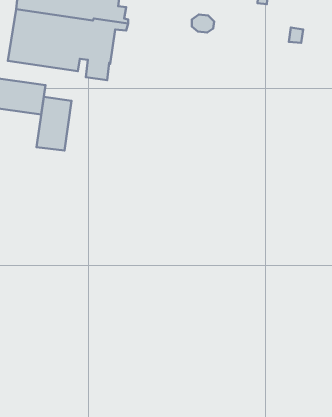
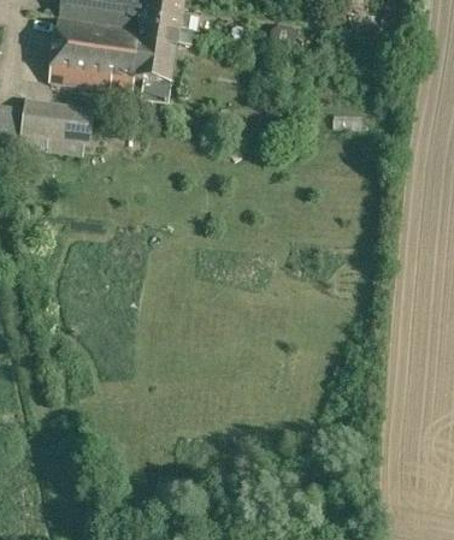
building: [37,97,72,150] -> none

